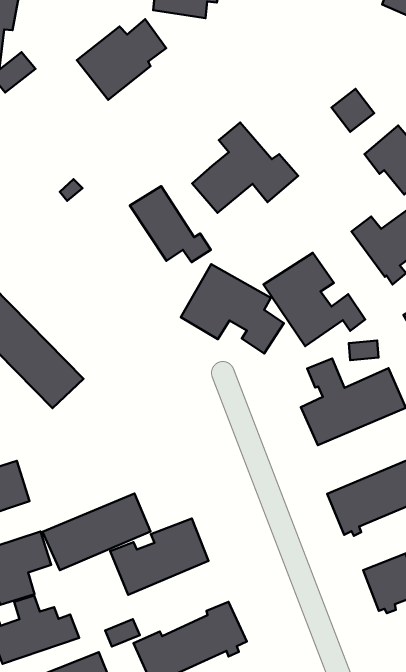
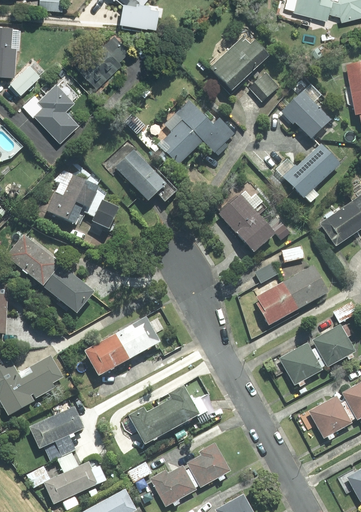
building: none -> [207,35,269,94]
building: none -> [23,82,79,142]
building: [181,264,284,353] -> [45,172,119,232]
building: [42,493,150,570] -> [81,316,158,376]

